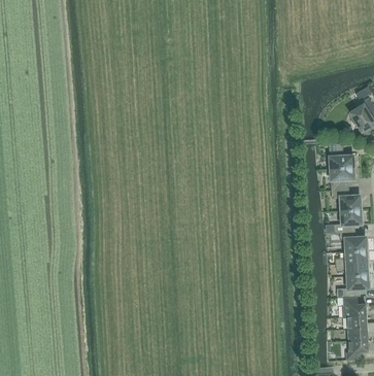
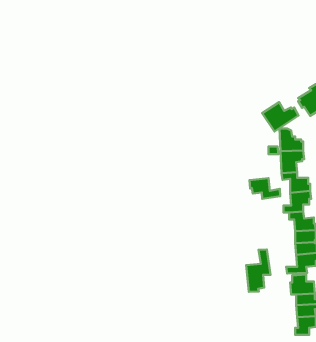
building: none -> [262,102,298,132]
building: none -> [249,178,280,199]
building: none -> [246,250,270,292]

